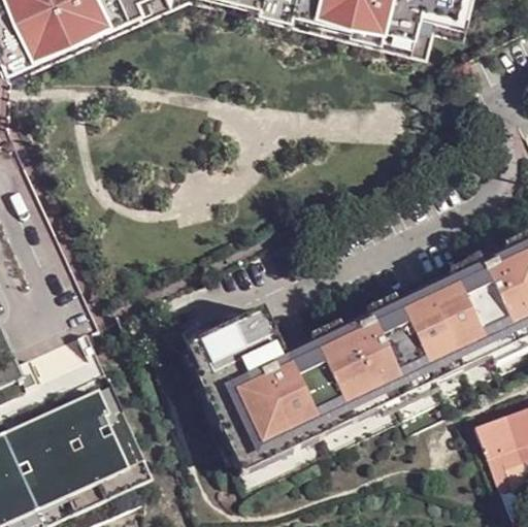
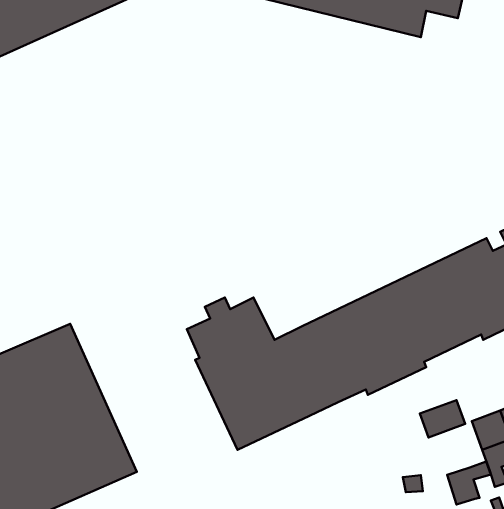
building: none -> [420,400,465,437]
building: none -> [447,462,491,504]

